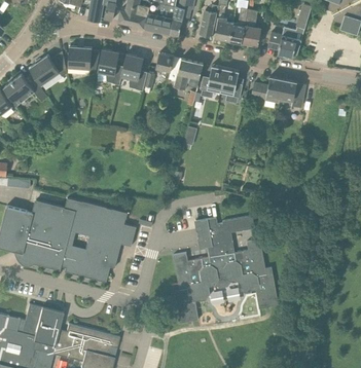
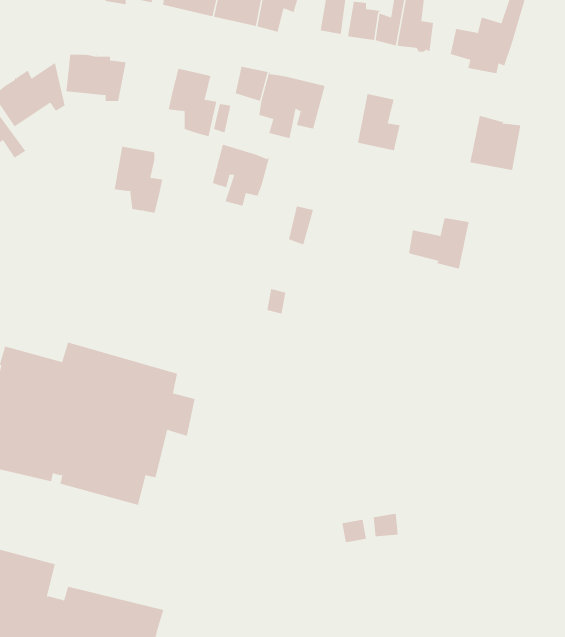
building: [98,48,123,83] -> [114,146,163,213]
building: [201,65,225,93] -> none
building: [252,76,284,103] -> [408,218,469,269]
building: none -> [212,144,269,206]
building: [172,215,279,323] -> none

